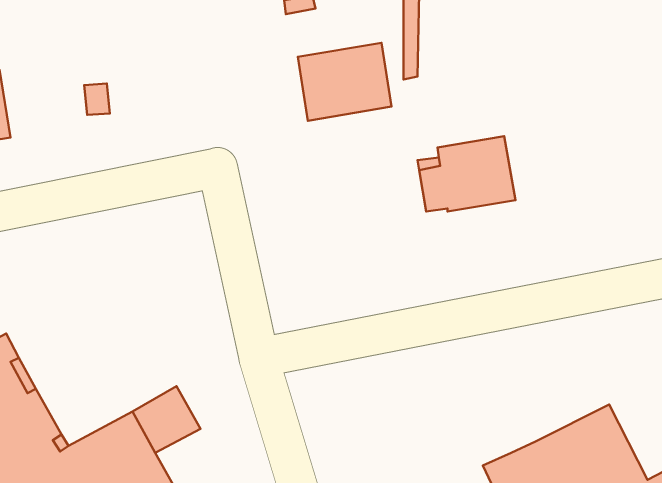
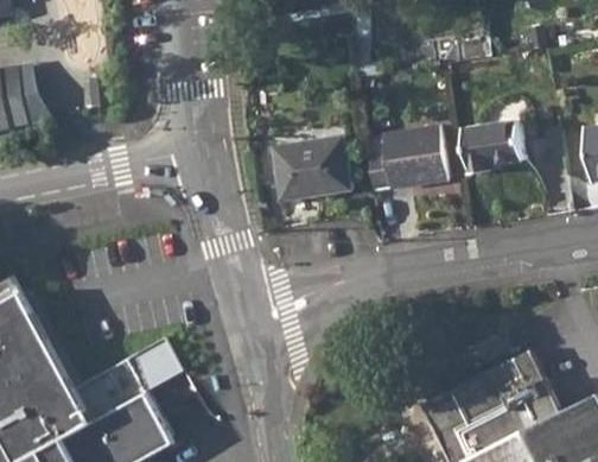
building: [298,43,392,121] -> [273,135,351,201]
building: none -> [462,121,522,176]

